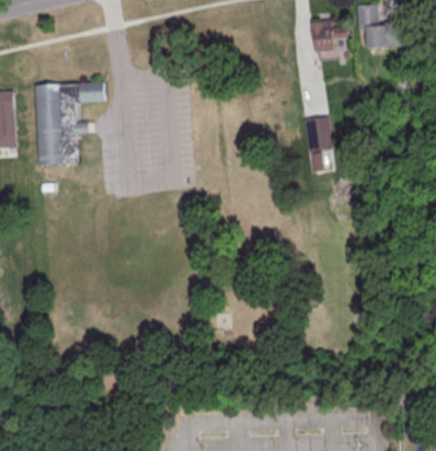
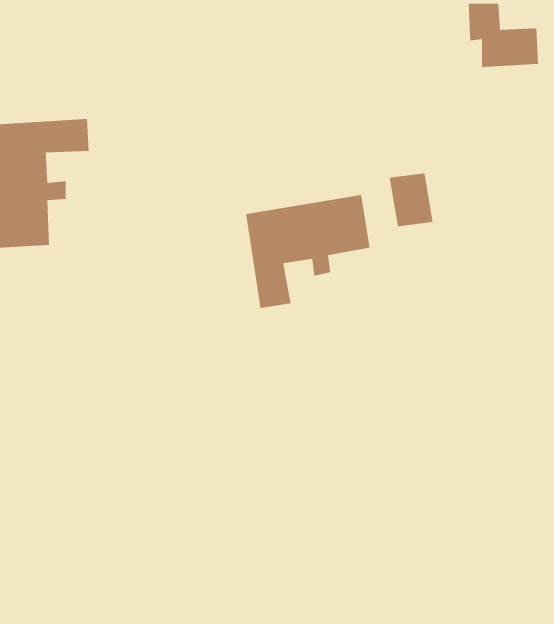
building: [309,19,347,53] -> none
building: none -> [245,194,370,309]

